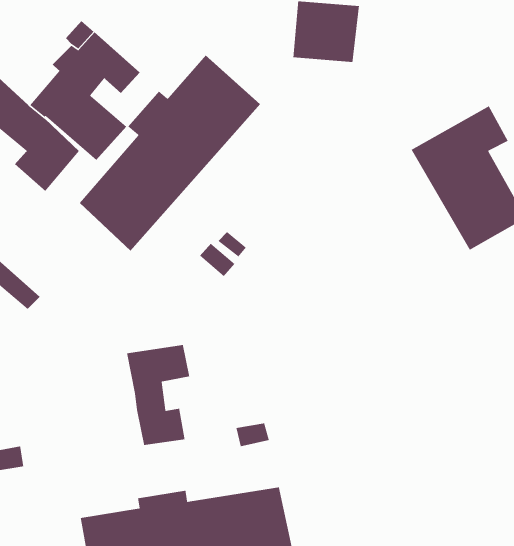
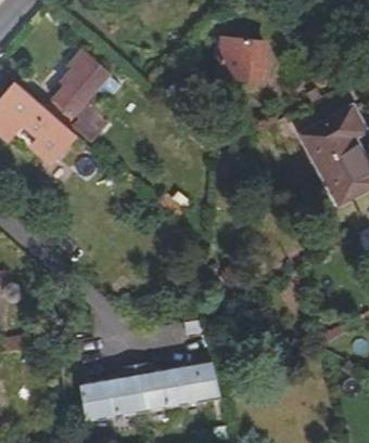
building: [79,55,261,252] -> none
building: [126,344,190,446] -> none

